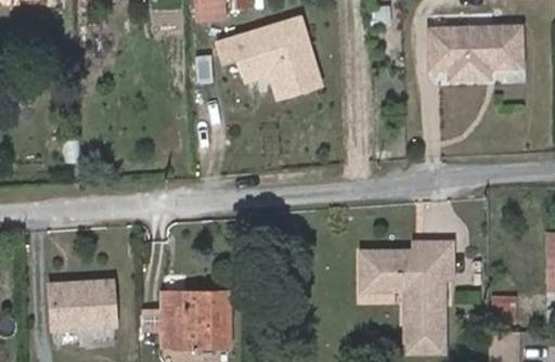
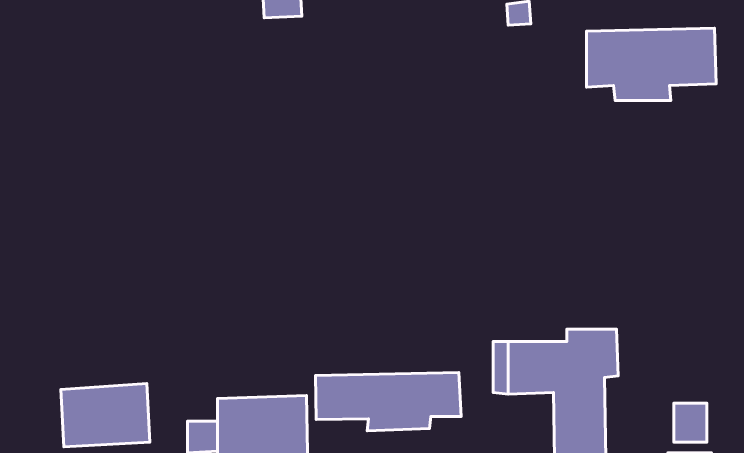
building: [215,18,322,104] -> none
building: none -> [315,373,461,431]

